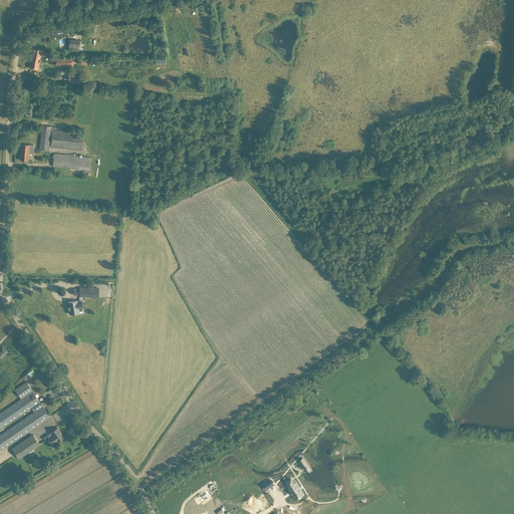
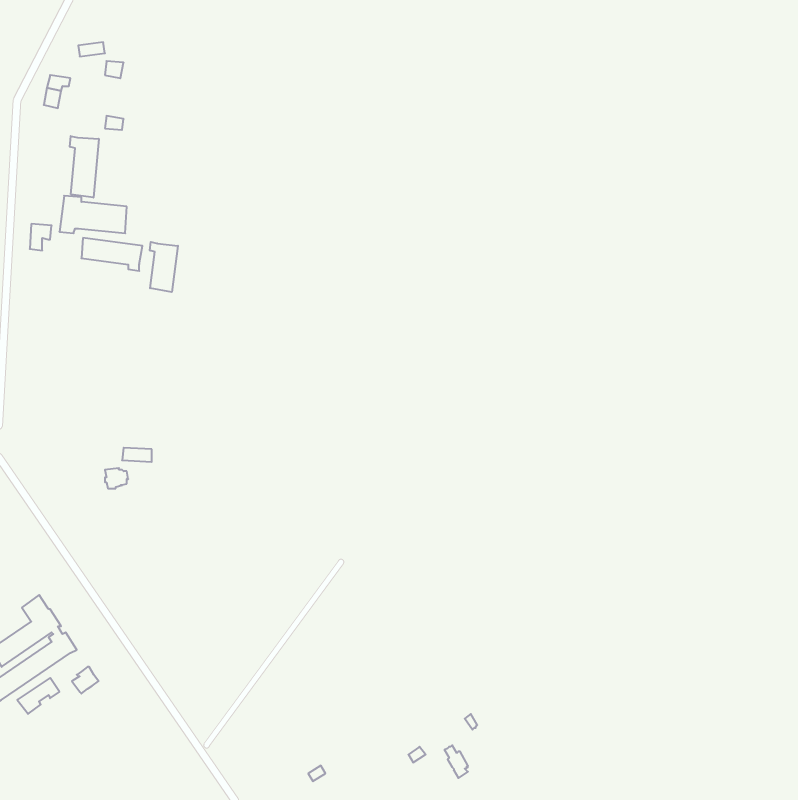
building: none -> [70,136,99,198]
building: none -> [150,242,178,292]

